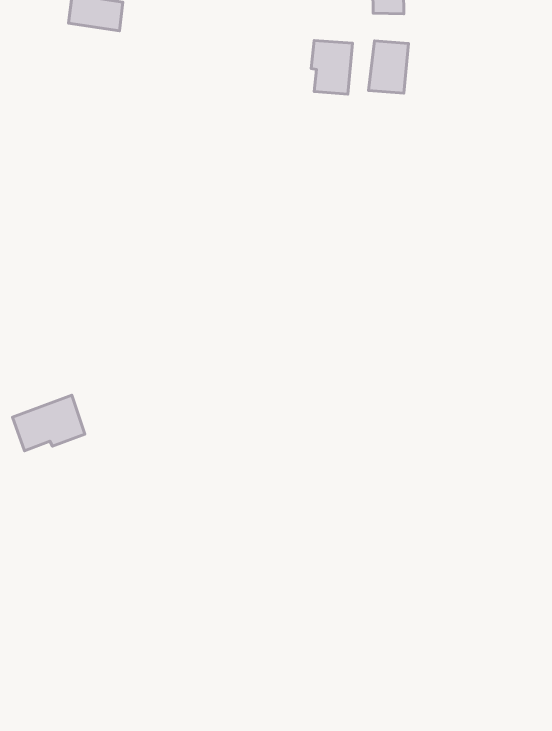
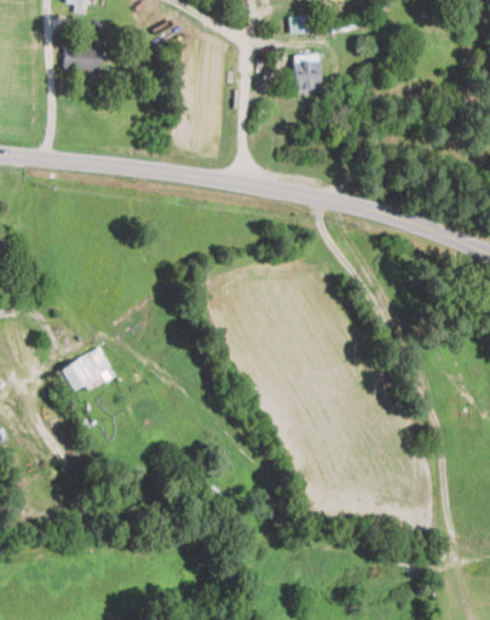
building: [311,41,352,94] -> none

